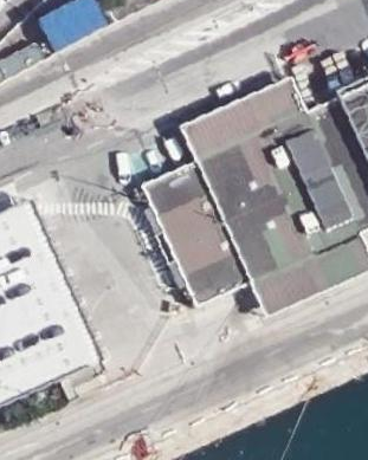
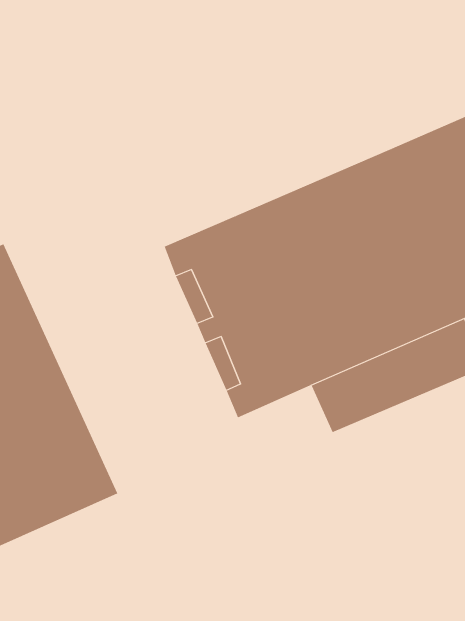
building: [175,74,303,157] -> none

